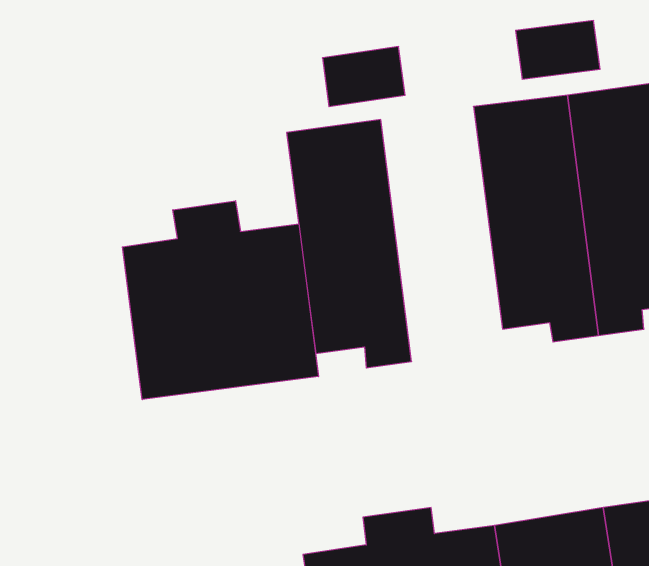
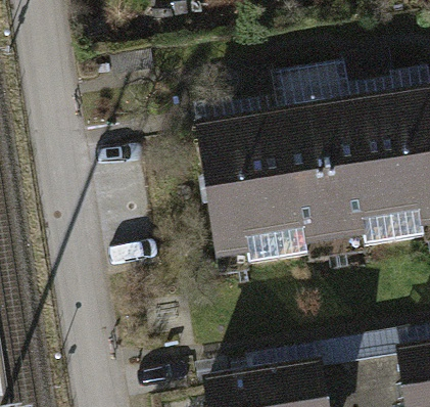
building: none -> [258,98,335,259]
building: [122,201,318,400] -> none

